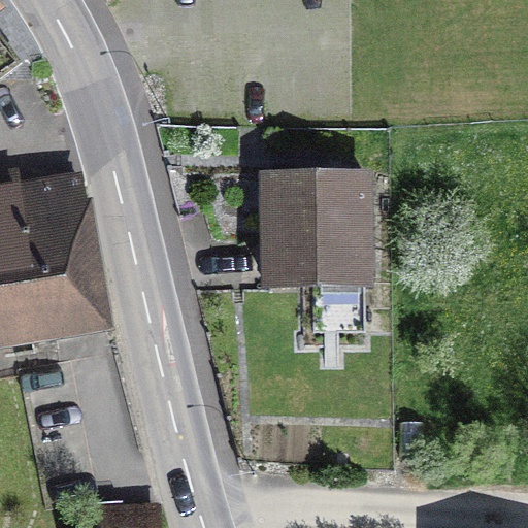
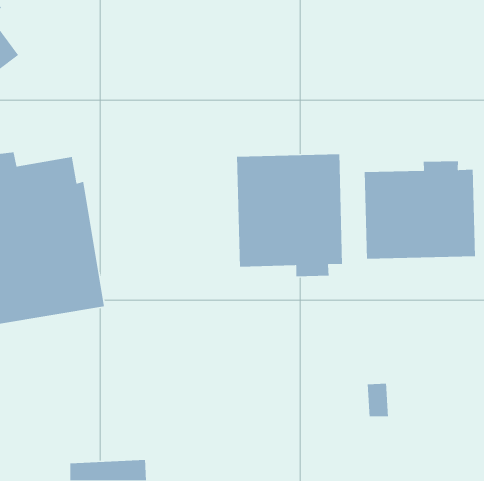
building: none -> [364,160,476,260]

